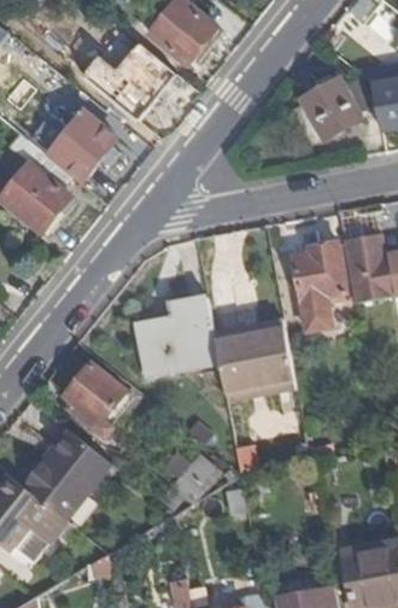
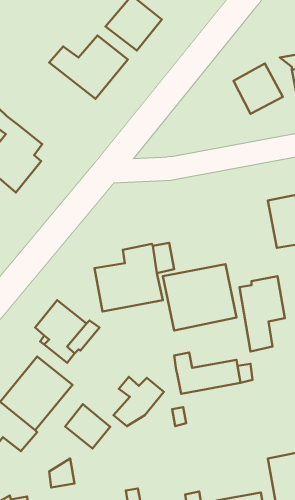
building: [30,110,118,179] -> none
building: [292,242,346,333] -> [239,276,285,352]
building: none -> [65,404,110,448]

